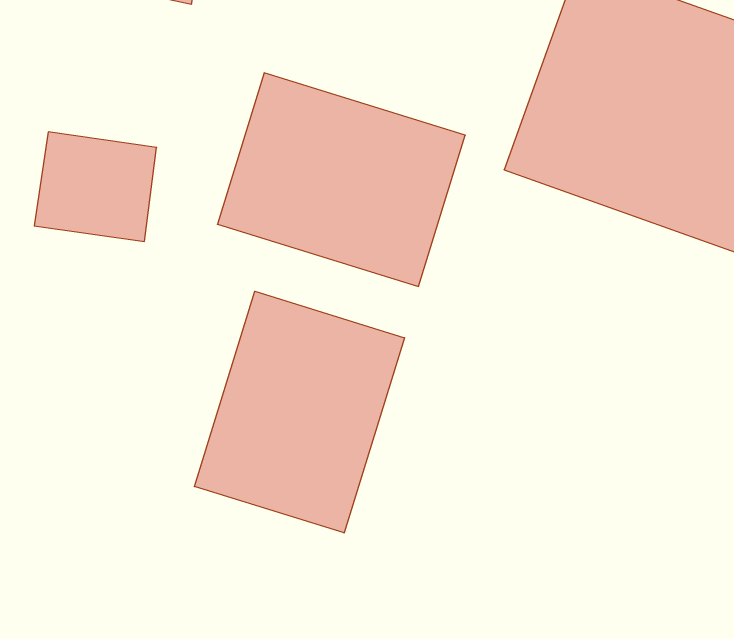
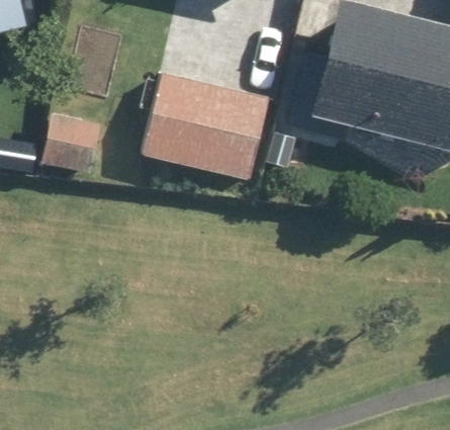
building: [194,291,405,533] -> none

